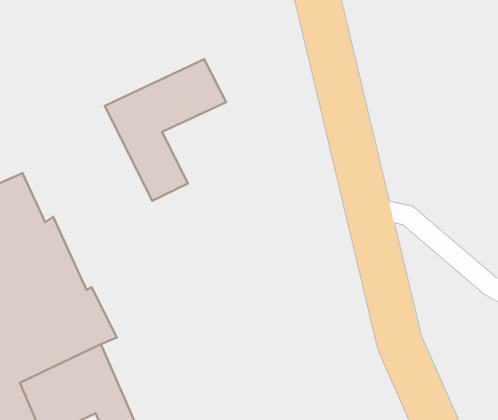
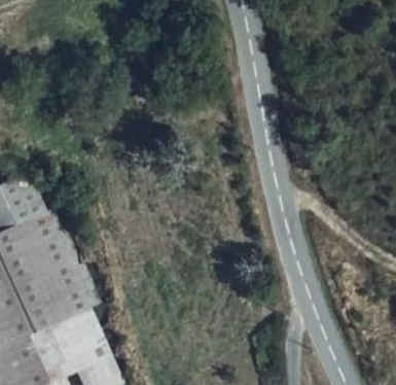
building: [105,59,226,201] -> none

